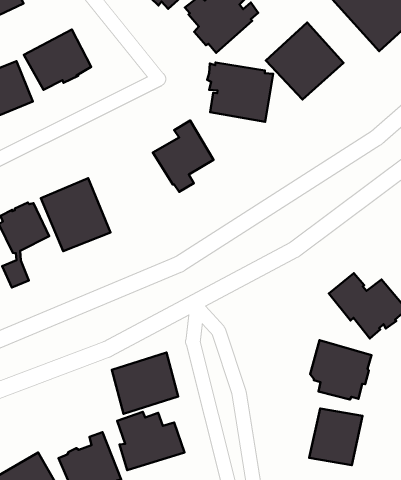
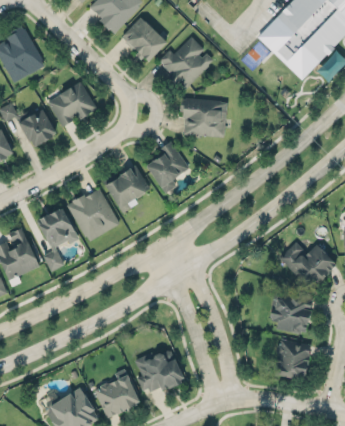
building: [266,23,343,100] -> none
building: none -> [105,165,151,213]
building: [112,352,178,414] -> none

